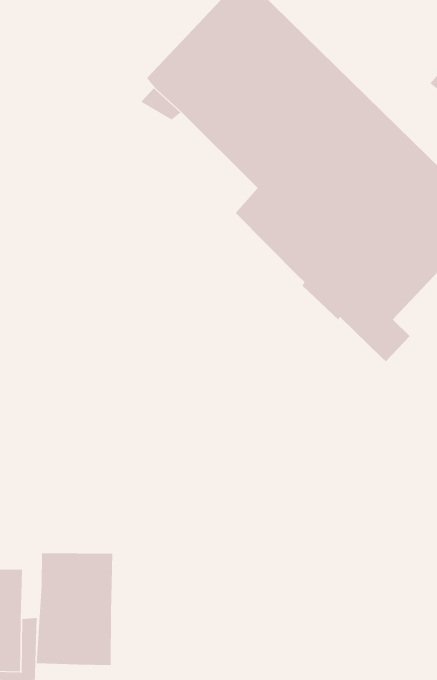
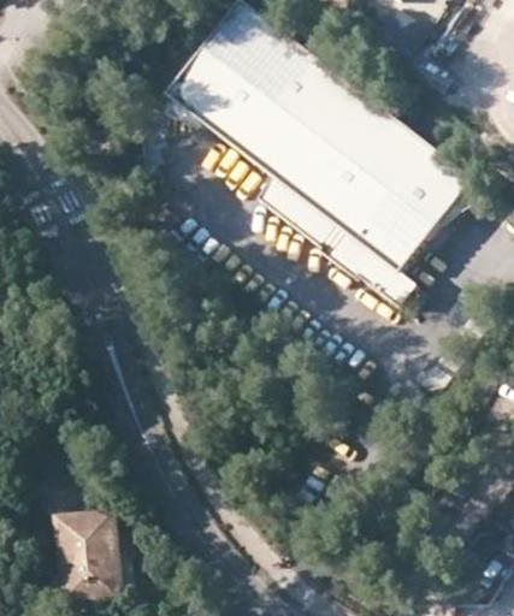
building: [36,552,113,666] -> none

